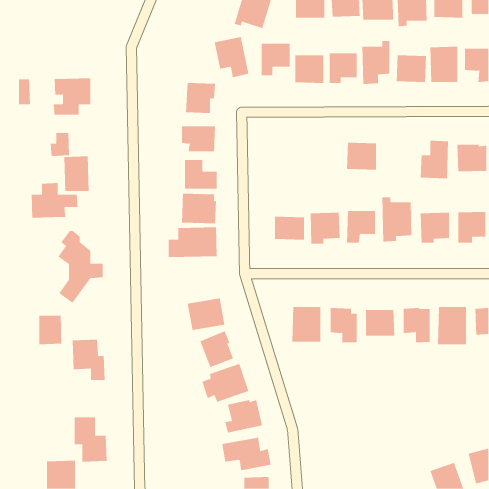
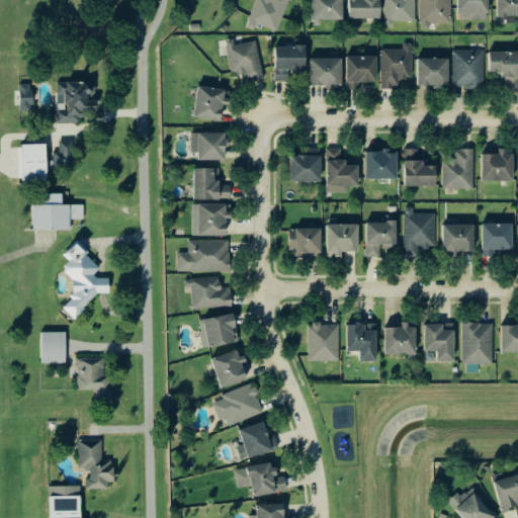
building: none -> [326,148,359,186]
building: none -> [405,148,437,186]
building: none -> [290,155,322,182]
building: [64,156,89,191] -> [20,143,48,180]
building: none -> [184,276,231,308]

